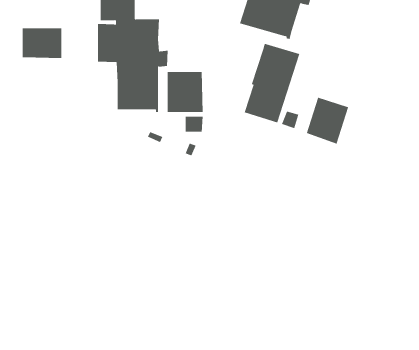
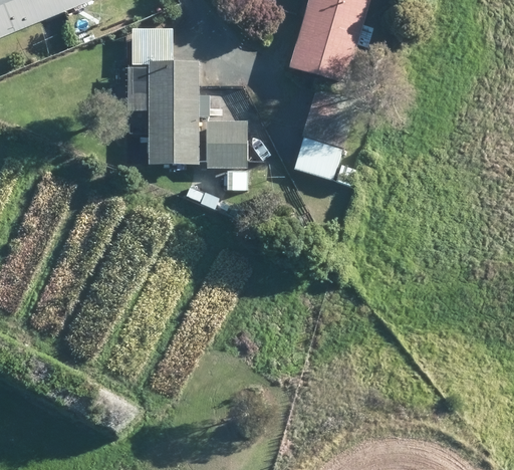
building: [22,27,62,59] -> none
building: [306,97,349,144] -> none

